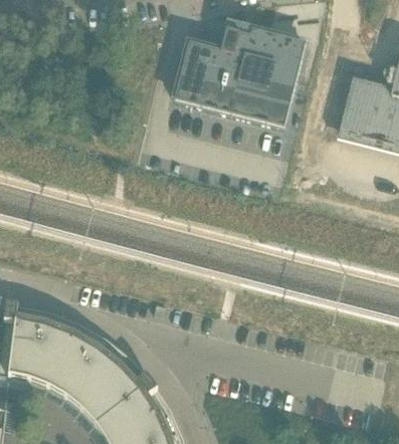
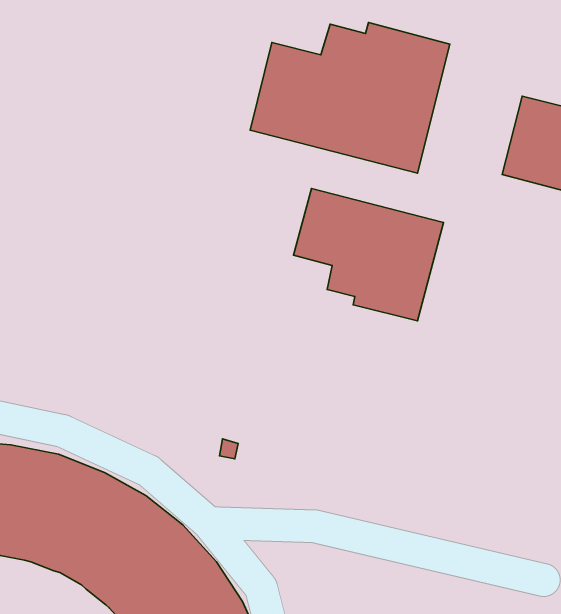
building: none -> [293,189,444,321]

